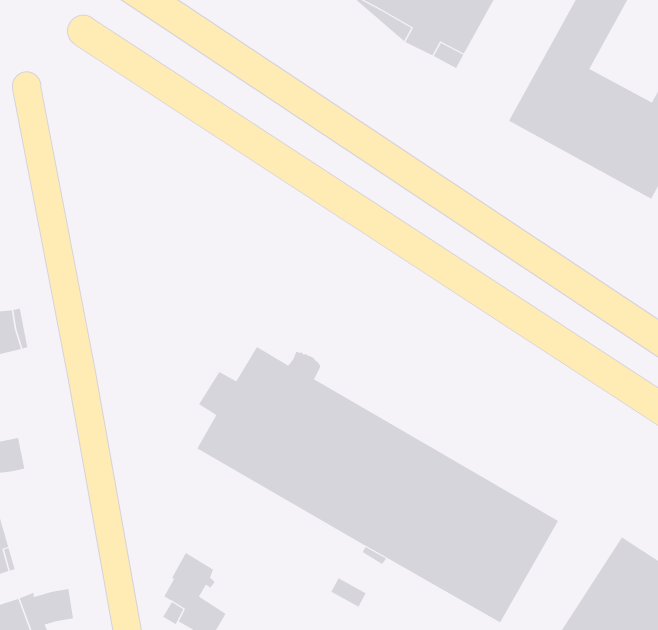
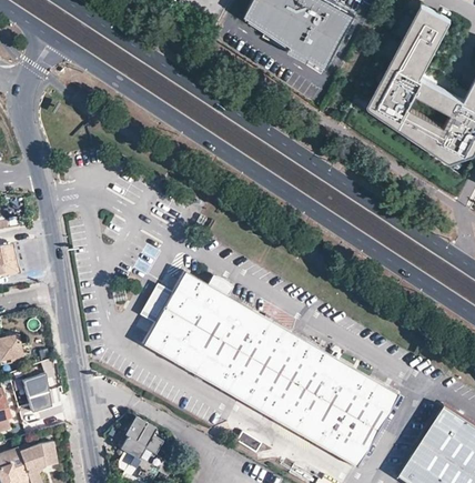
building: none -> [24,376,52,414]

